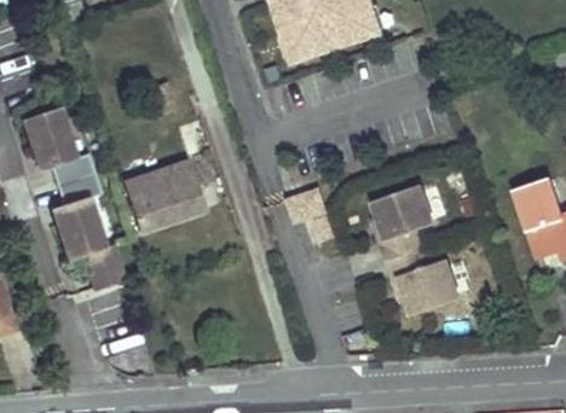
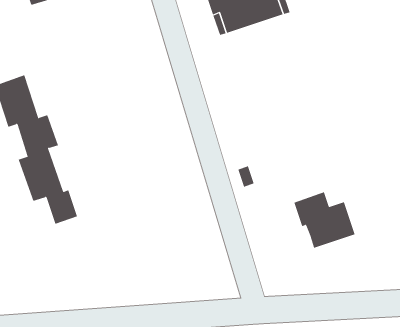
building: [122,161,204,229] -> none
building: [368,184,432,260] -> none

